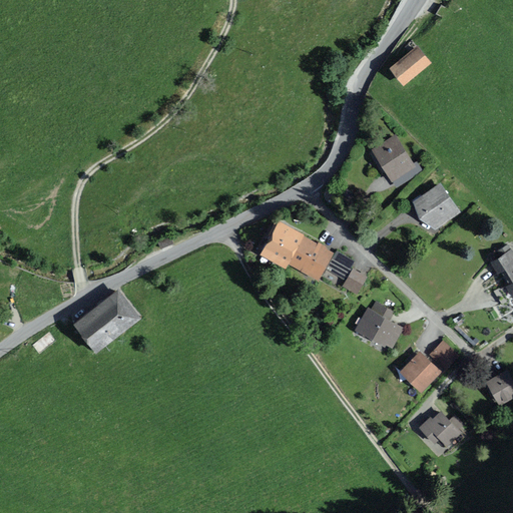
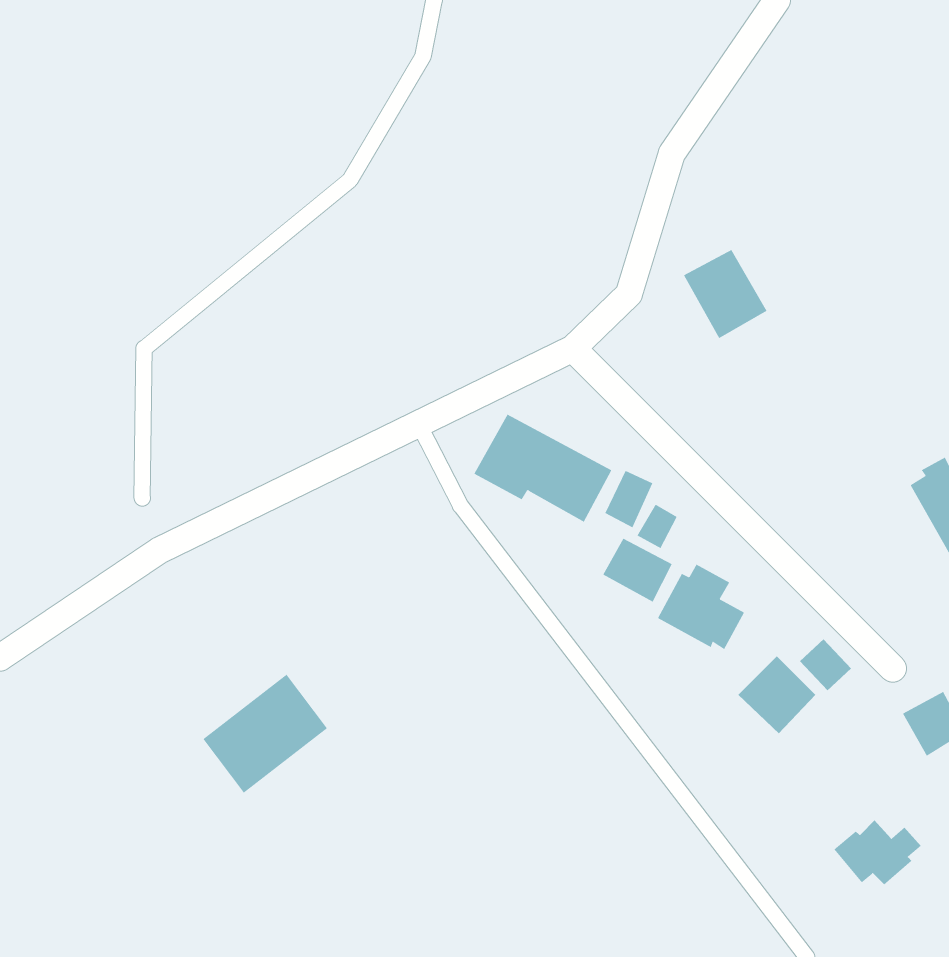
building: [388,45,430,85] -> none
building: [414,183,460,230] -> none
building: none -> [603,538,673,603]
building: [72,289,139,353] -> [202,674,328,794]
building: [420,411,467,446] -> [833,819,921,885]

